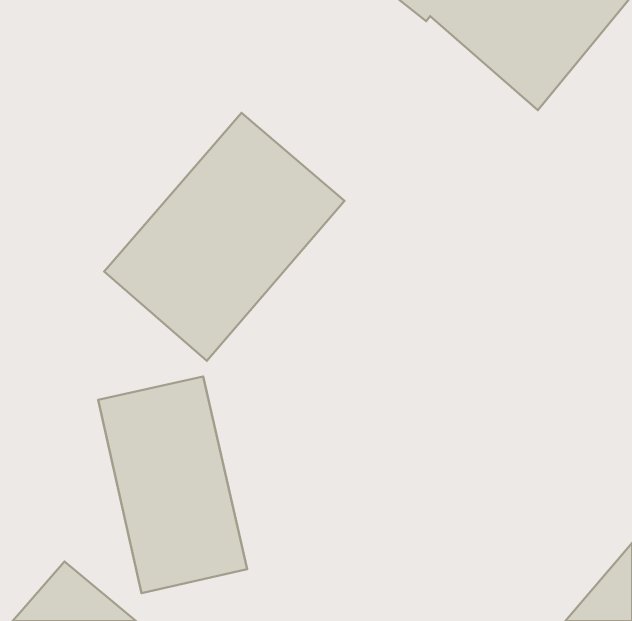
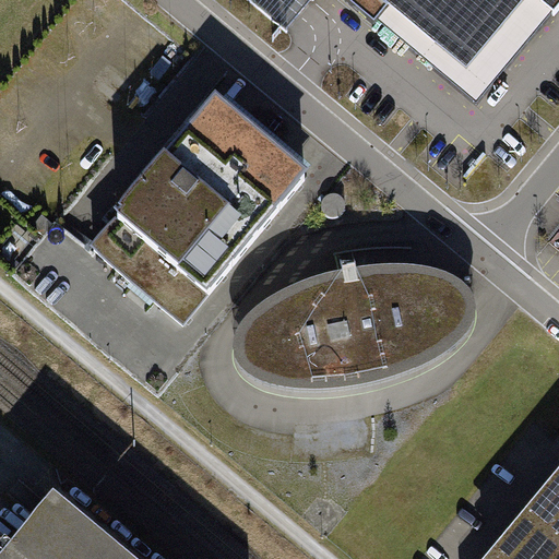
building: none -> [240,272,465,378]
building: [98,377,247,593] -> none

